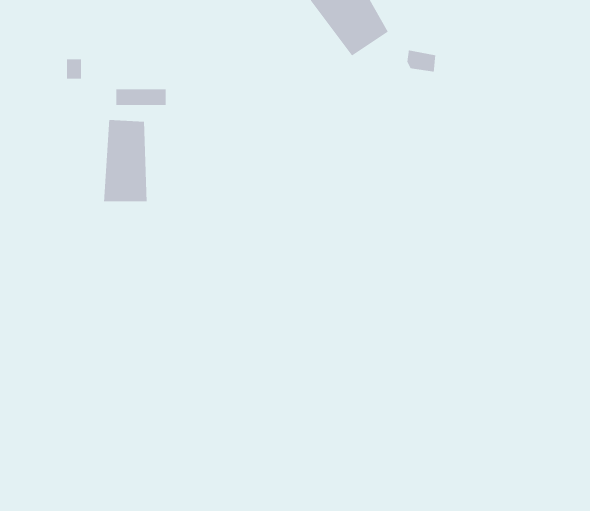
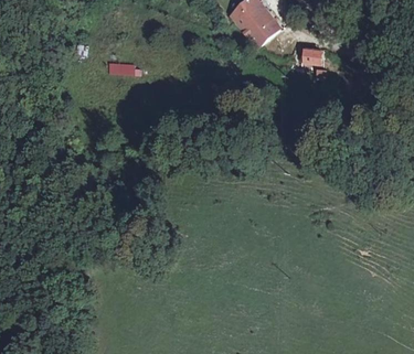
building: [103,119,147,202] -> none

